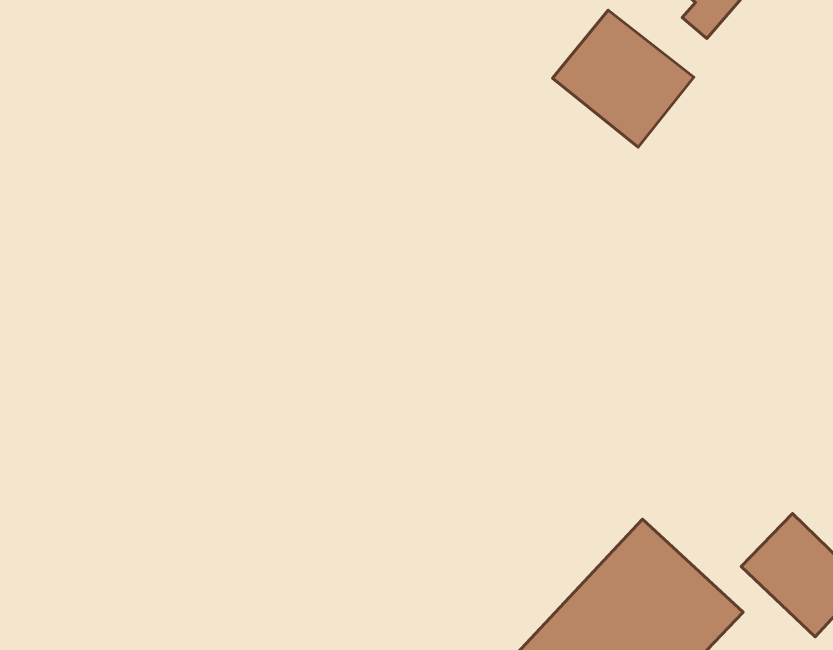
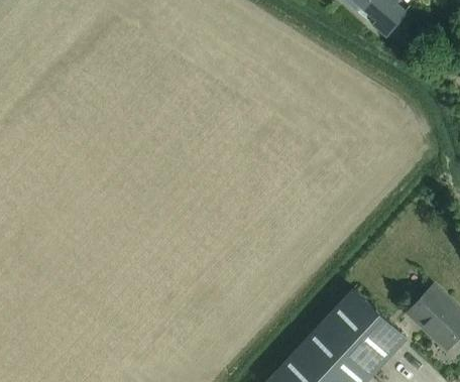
building: [552,10,694,147] -> none

